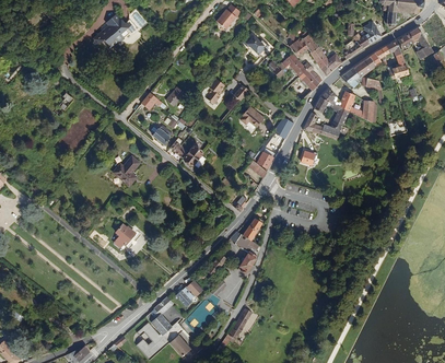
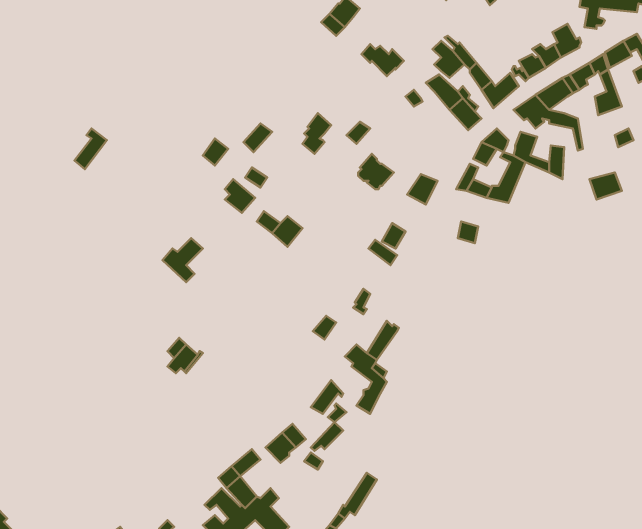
building: [98,14,132,51] -> none

